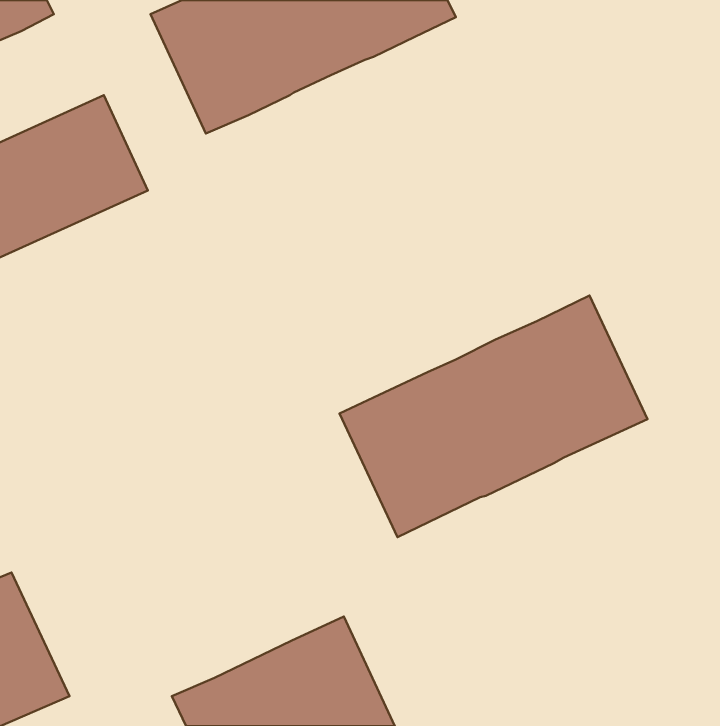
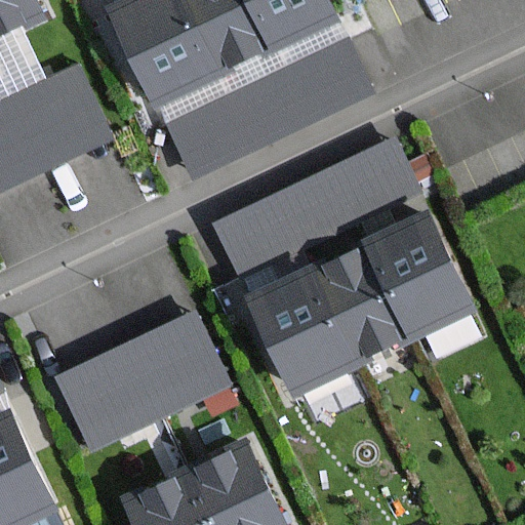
building: none -> [167,39,368,174]
building: none -> [215,144,412,274]
building: none -> [58,318,221,446]

